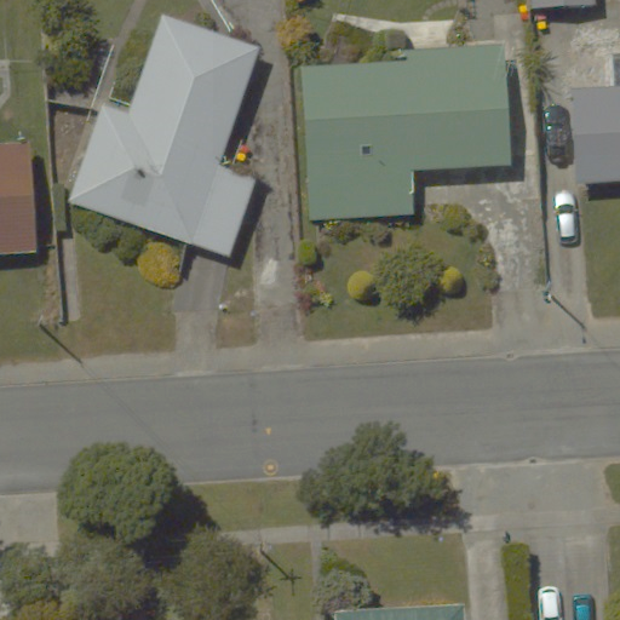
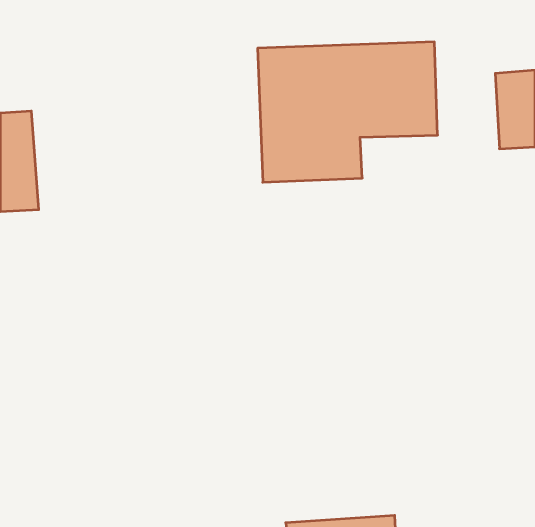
building: [69,15,263,242] -> none

